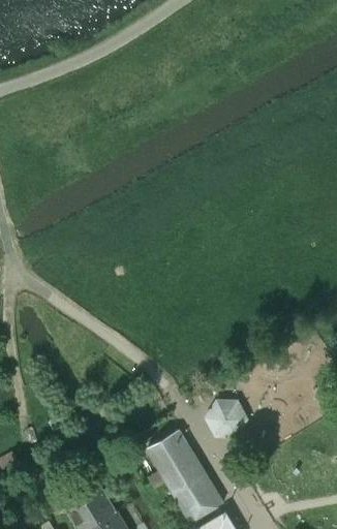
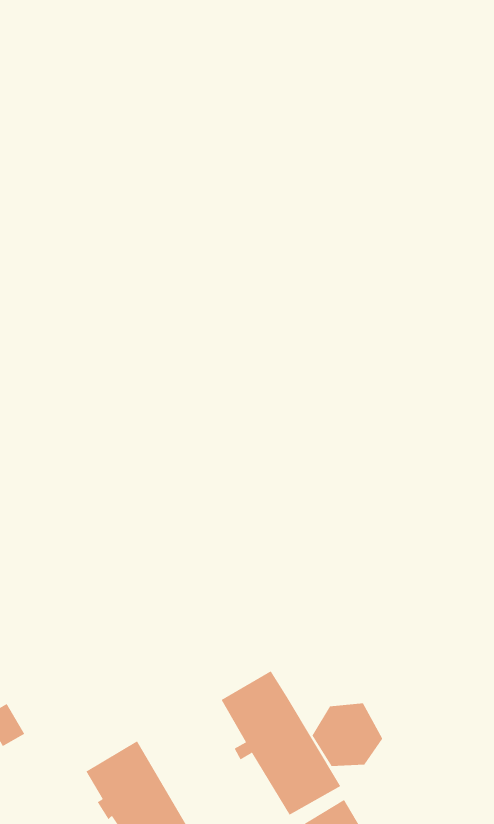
building: [203,399,248,439] -> [311,703,383,766]

